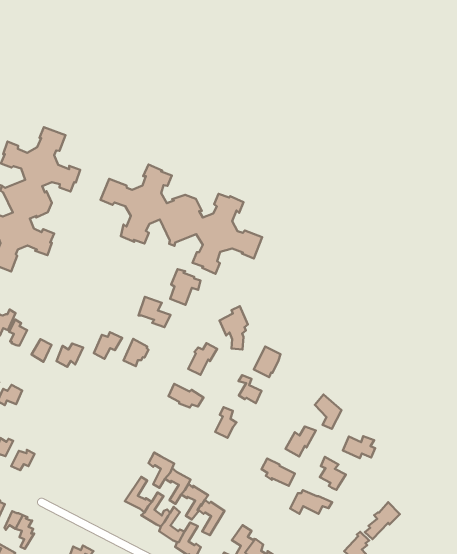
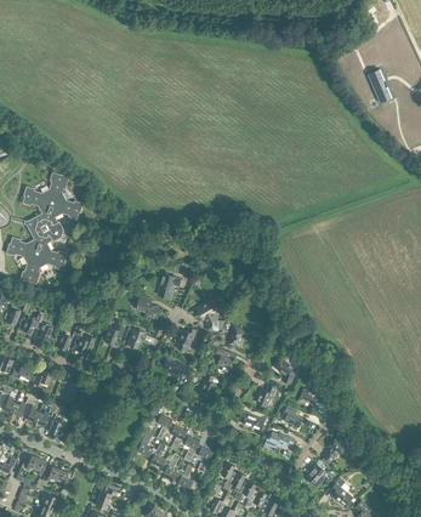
building: [101,165,262,274] -> none

